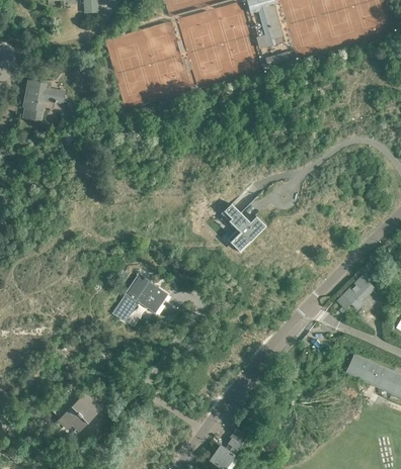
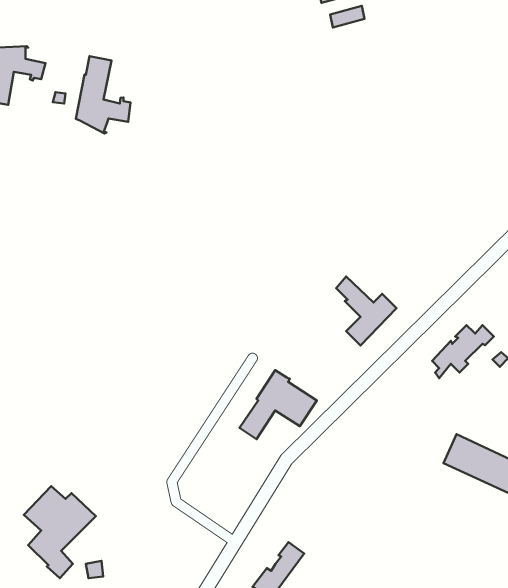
building: none -> [76,56,131,134]
building: [224,203,266,252] -> [336,277,396,346]
building: [112,272,167,320] -> [239,370,317,439]

